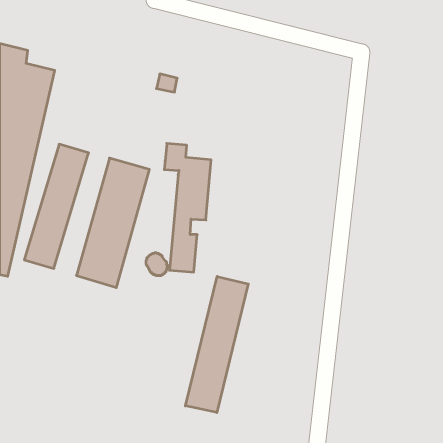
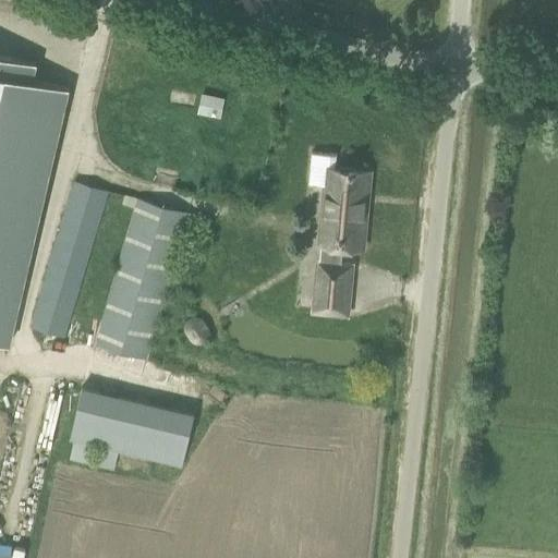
building: [164,143,211,272] -> [307,153,366,314]
building: [185,276,248,413] -> none
building: none -> [68,387,193,469]

